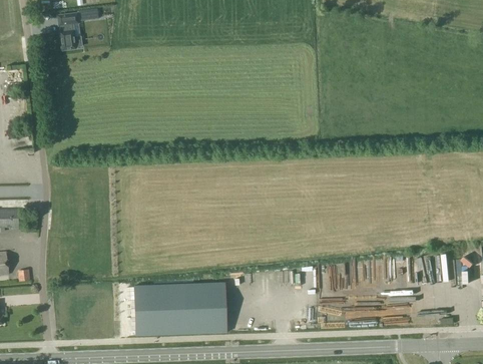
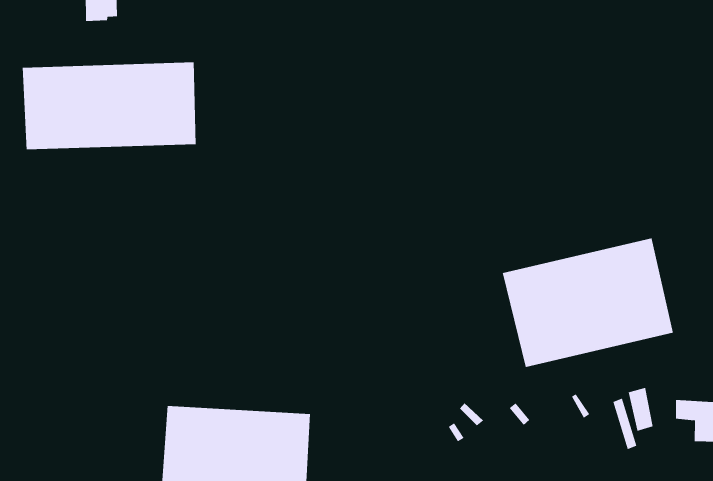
building: none -> [22,62,196,150]
building: none -> [502,238,673,368]

